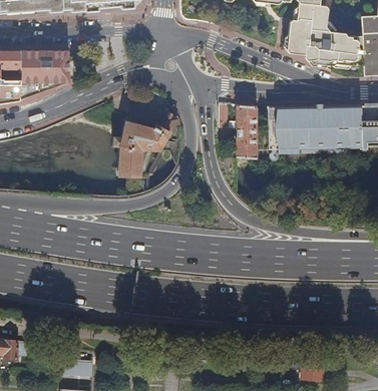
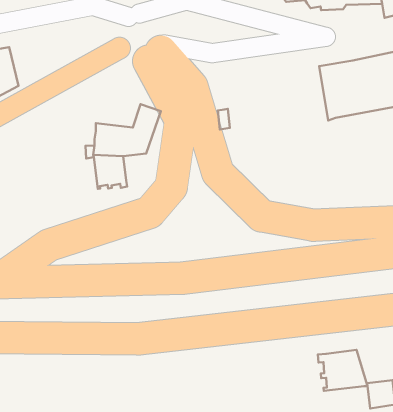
building: [237,105,257,158] -> none
building: [267,106,306,149] -> none
building: none -> [318,350,367,391]

